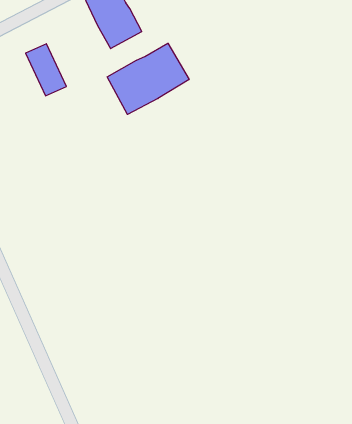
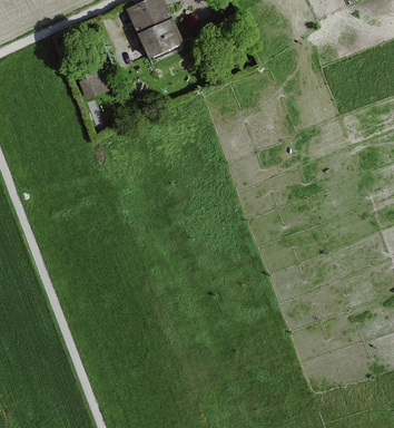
building: [107,43,189,114] -> none

